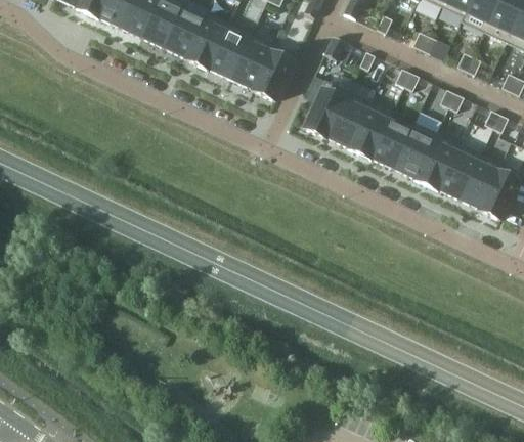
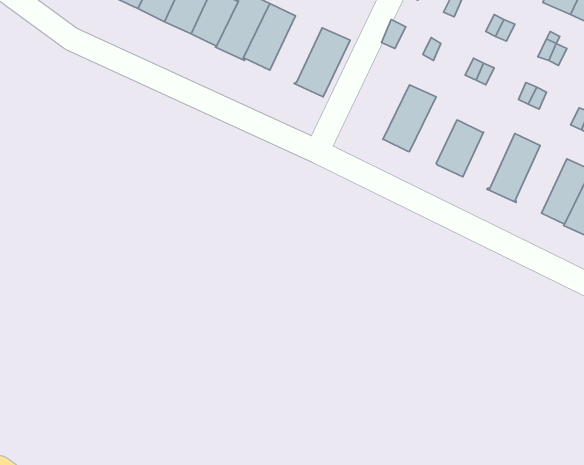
building: [230,33,274,89] -> none
building: [303,80,348,139] -> none
building: [347,101,393,160] -> none
building: [393,122,437,179] -> none
building: [437,142,481,200] -> none

